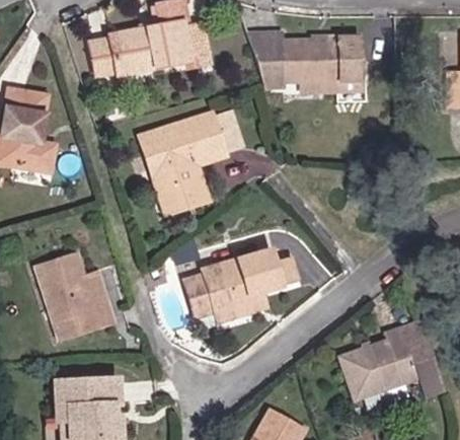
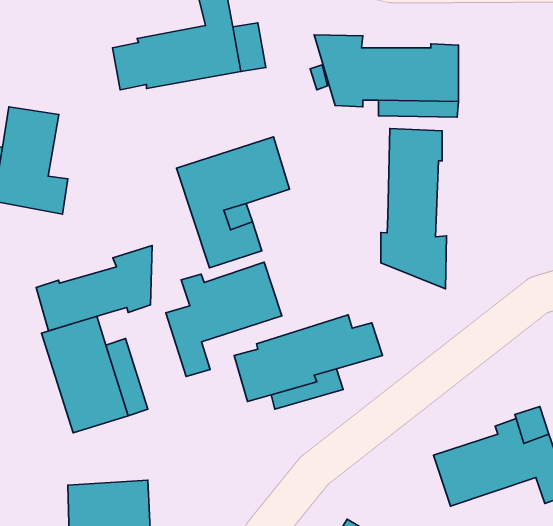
building: none -> [381,128,446,289]
building: none -> [36,245,152,331]
building: none -> [166,262,282,377]

